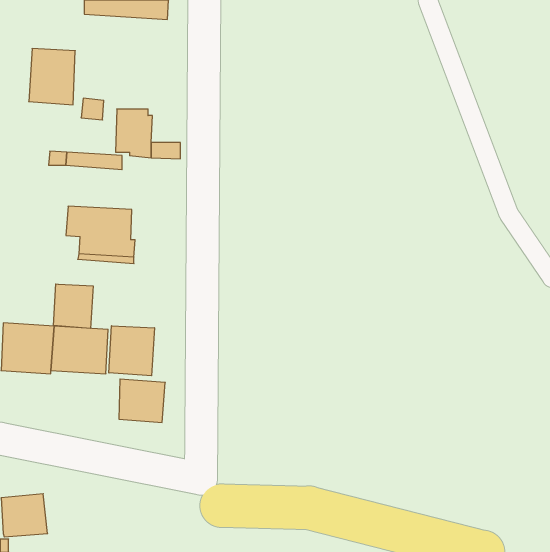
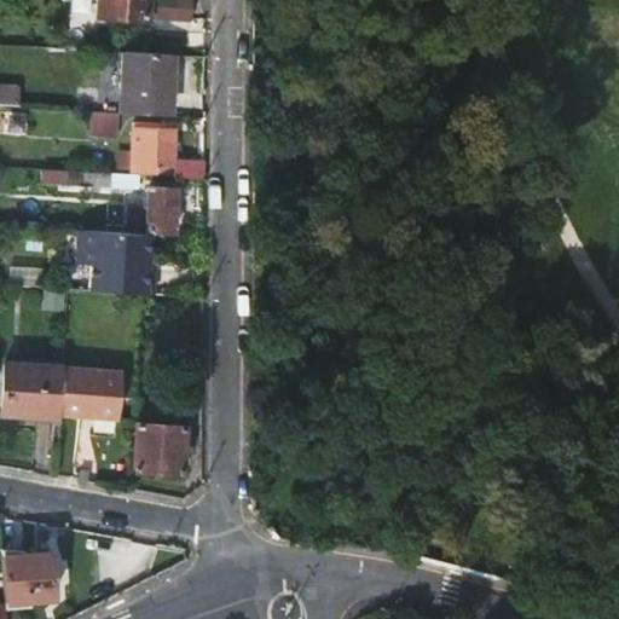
building: [29,49,75,105] -> [121,53,173,116]
building: none -> [146,186,174,232]
building: [53,284,93,328] -> none
building: [109,326,154,376] -> none

